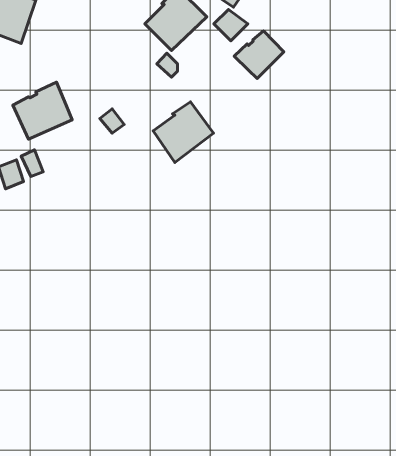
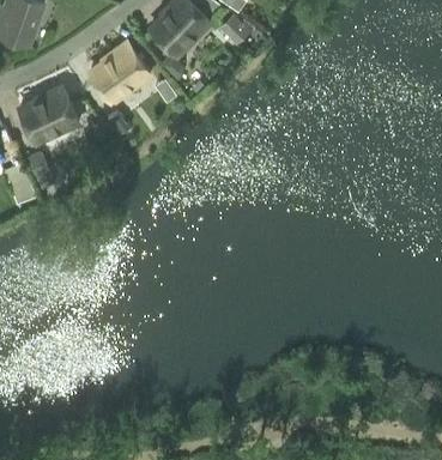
building: [234,31,284,78] -> none
building: [153,102,214,162] -> [90,42,150,102]

